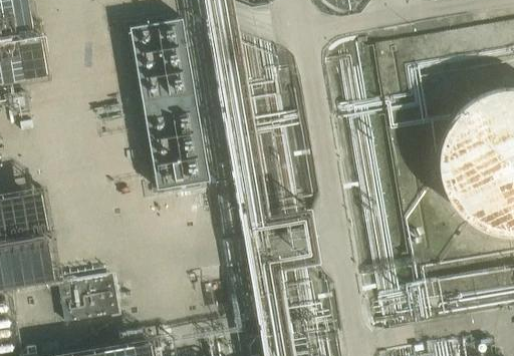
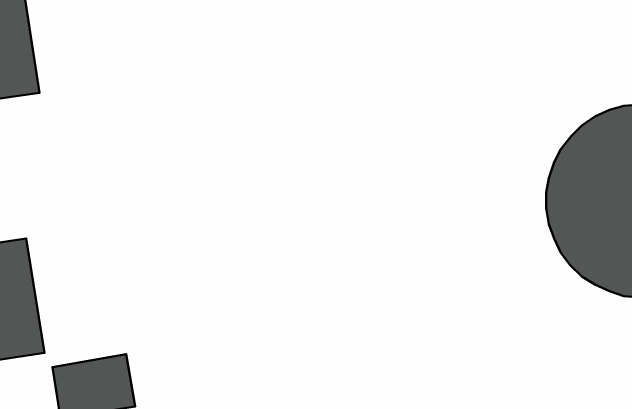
building: [130,23,210,196] -> none

